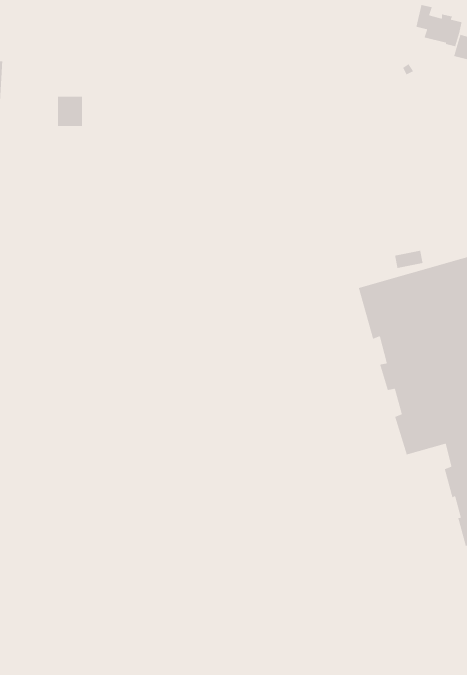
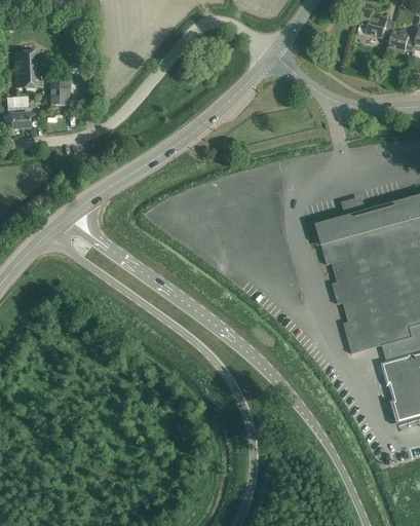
building: [57,96,83,127] -> [49,80,69,104]

